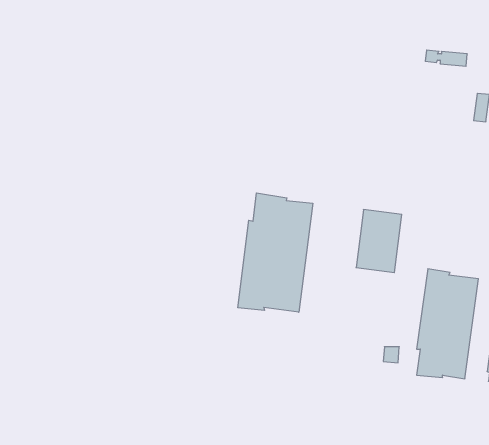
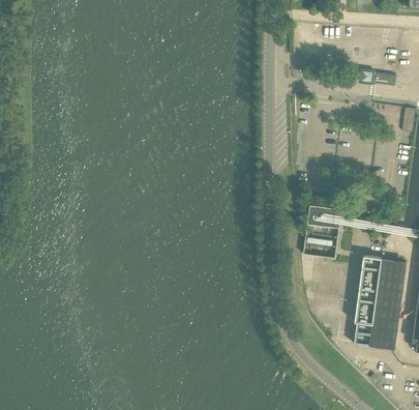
building: [238,193,313,312] -> none

